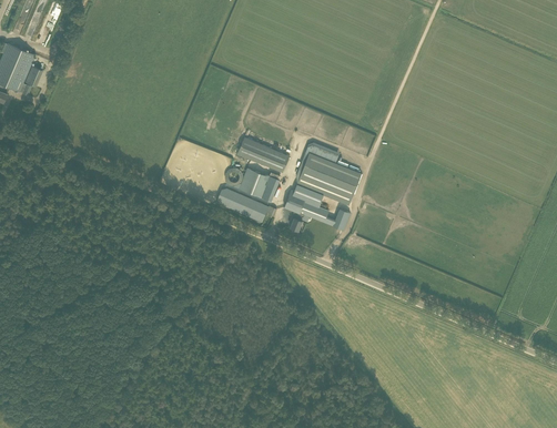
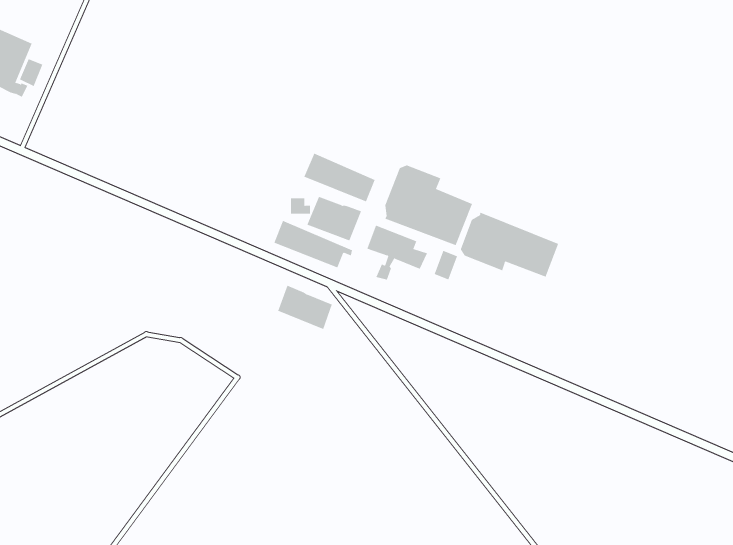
building: none -> [460,212,559,277]
building: none -> [277,285,333,330]

